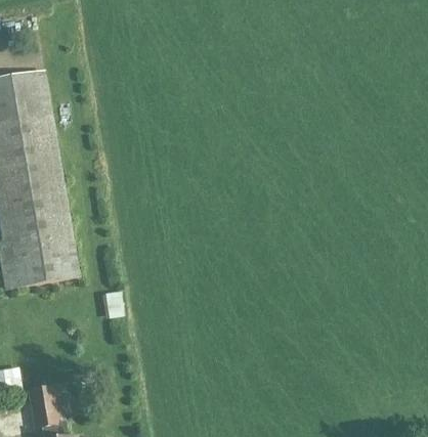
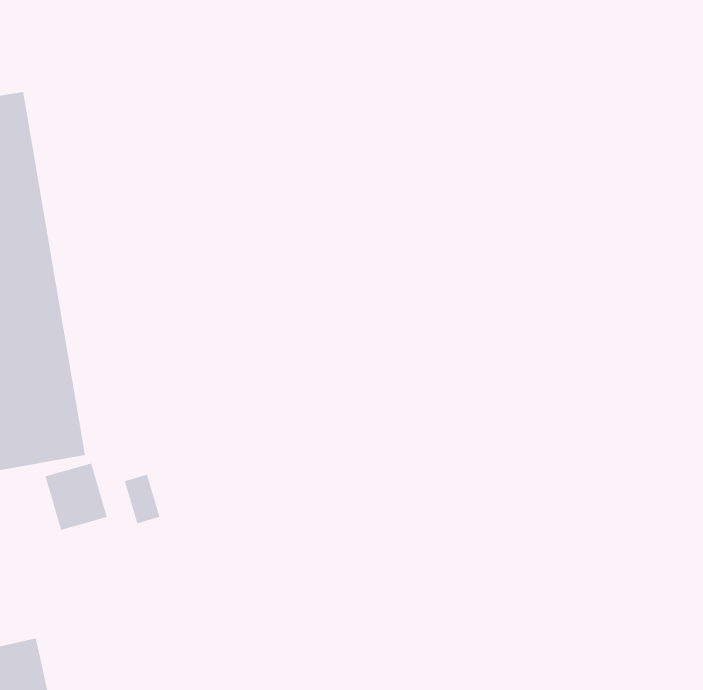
building: none -> [45,462,108,531]

